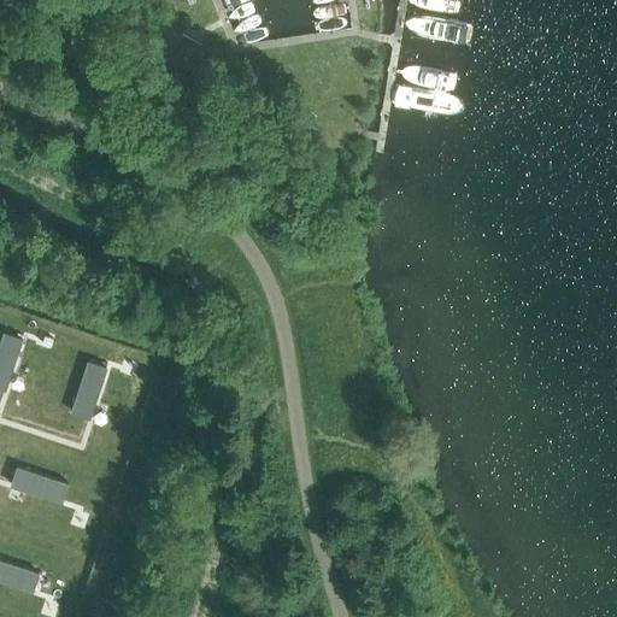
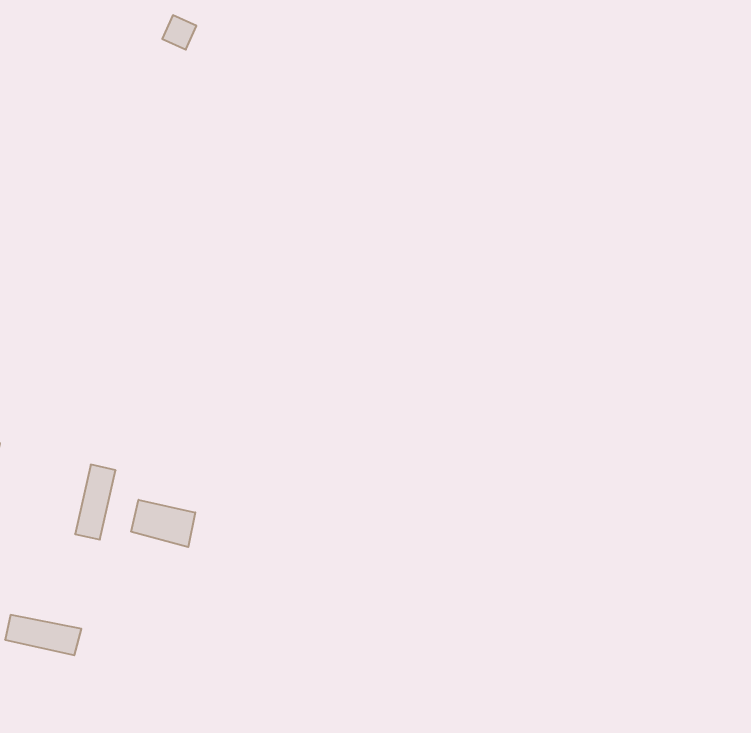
building: none -> [131,500,195,547]

